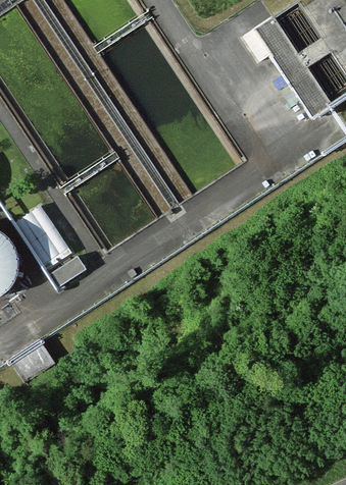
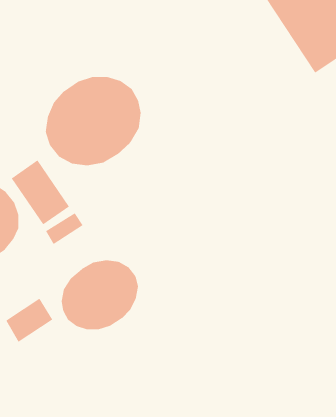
building: none -> [45,76,141,166]
building: none -> [61,260,139,330]

